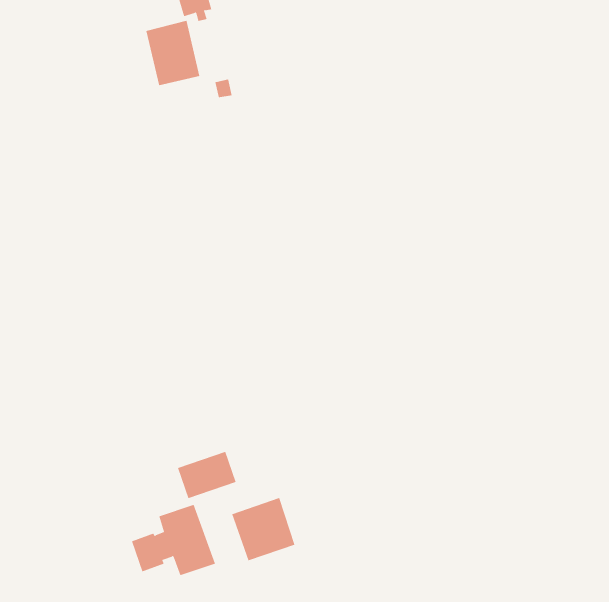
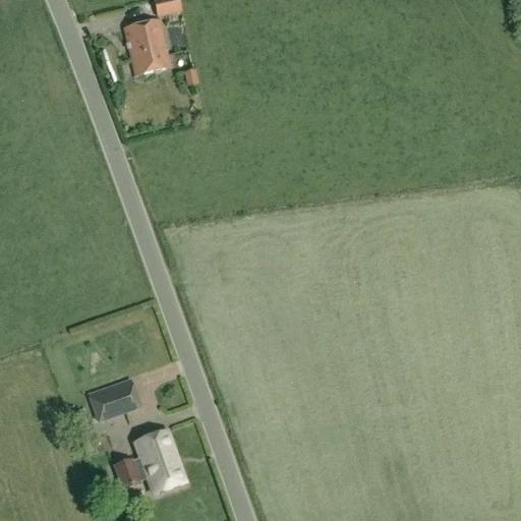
building: [177,451,237,499] -> [89,379,139,419]
building: [232,497,295,561] -> none

